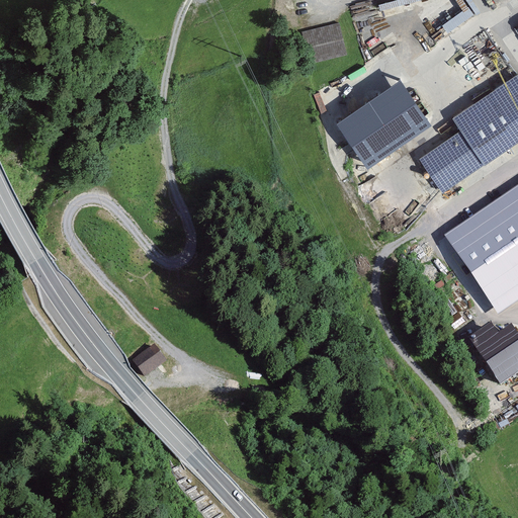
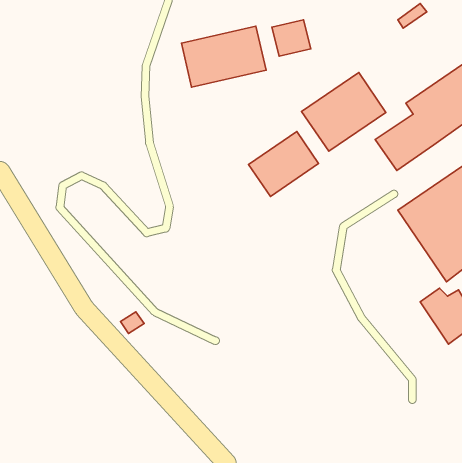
building: none -> [181,26,266,87]
building: none -> [249,132,319,196]

